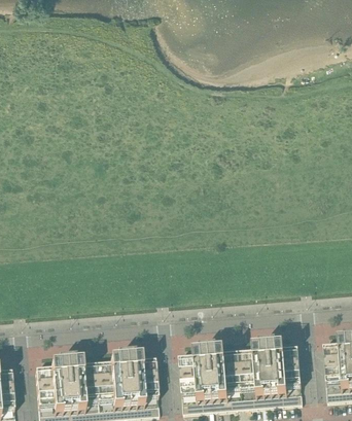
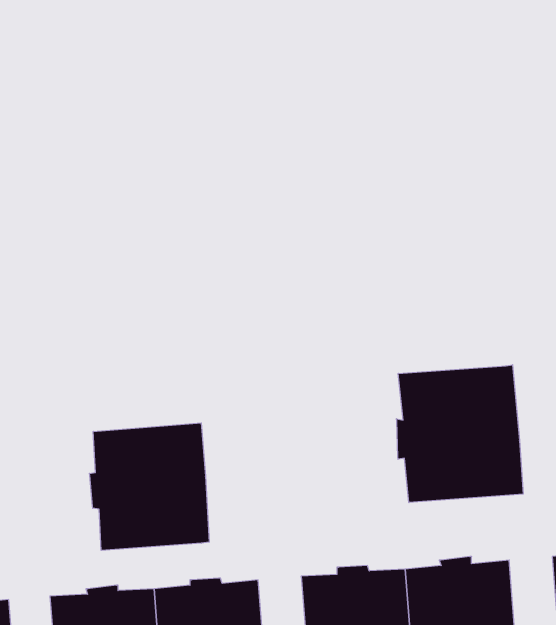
building: none -> [396,365,523,503]
building: none -> [89,423,209,550]

